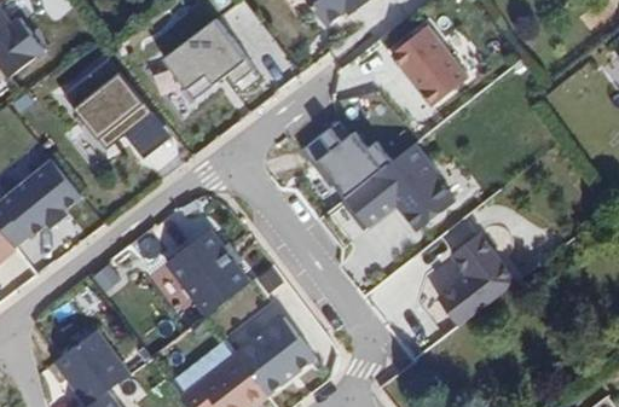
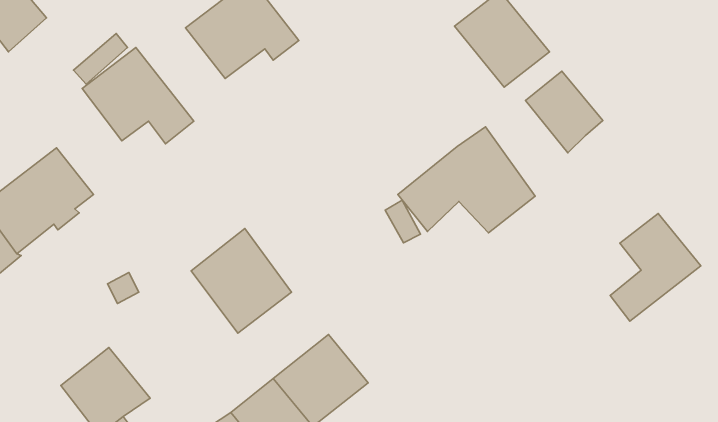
building: none -> [526,71,603,153]
building: [300,123,391,197] -> none
building: [438,228,515,320] -> [610,214,701,321]

